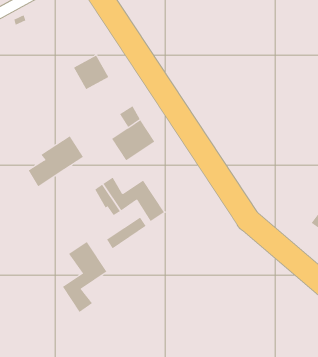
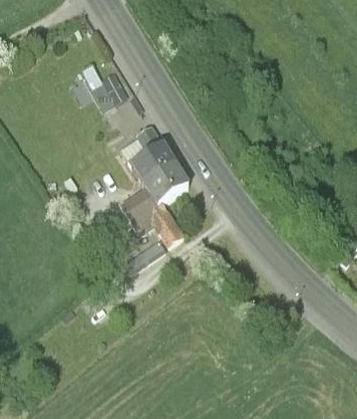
building: [28,135,84,187] -> [130,162,188,215]
building: [62,241,107,313] -> none

